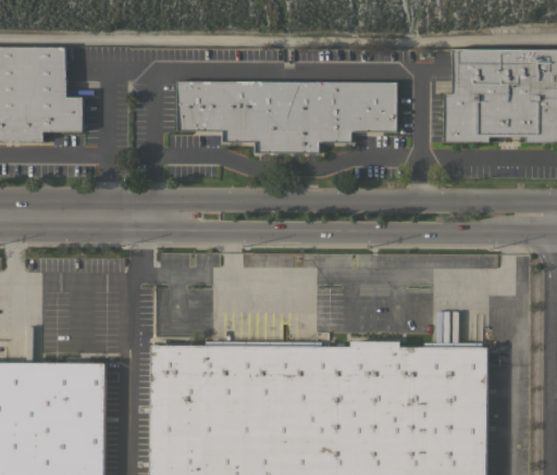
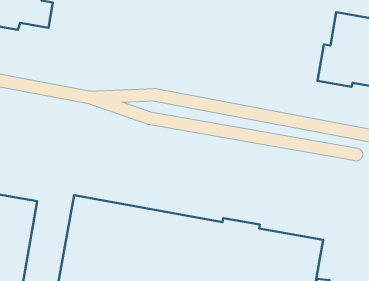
building: [168,88,387,160] -> none

